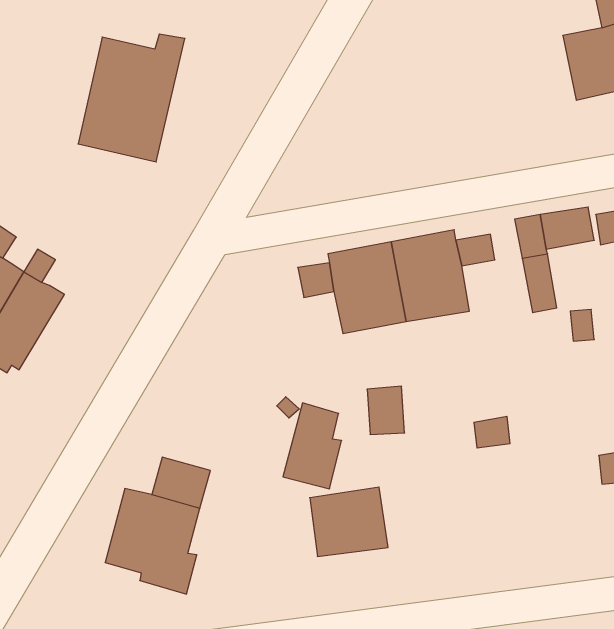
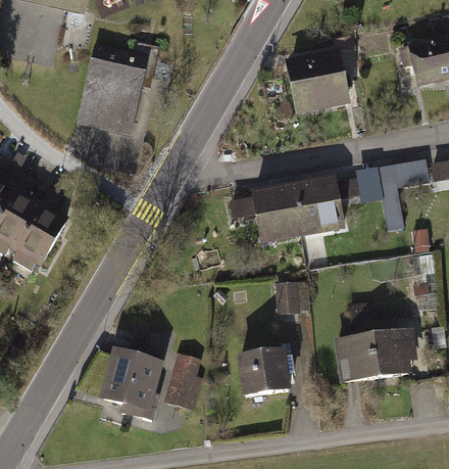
building: none -> [285,48,348,112]
building: [283,403,342,489] -> [163,350,203,409]
building: none -> [333,326,417,381]

